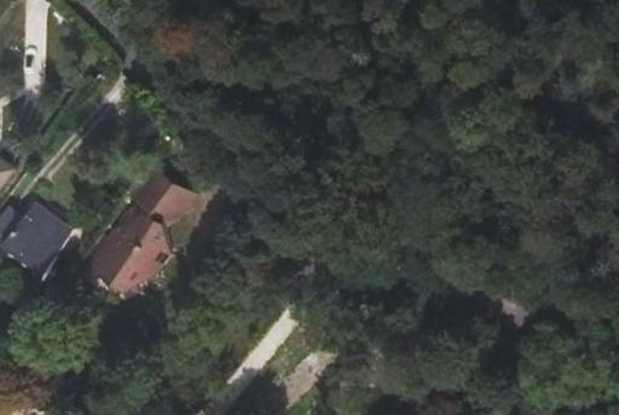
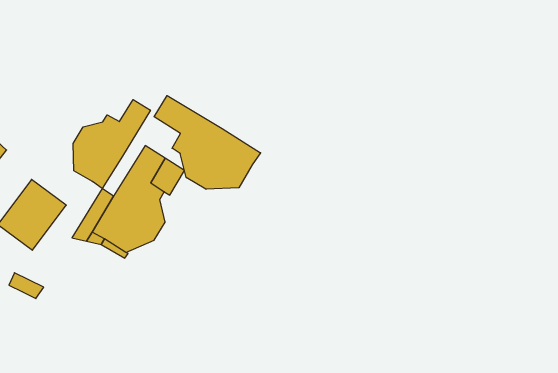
building: none -> [154,96,261,189]
building: none -> [73,100,150,188]

